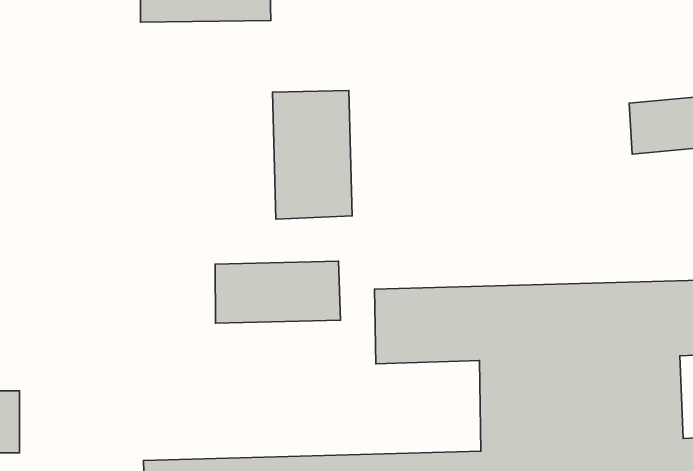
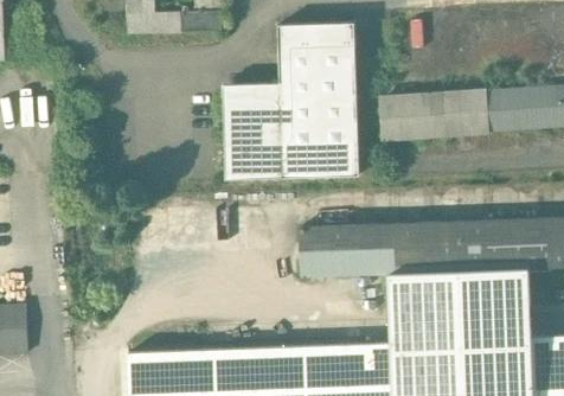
building: none -> [278,19,360,173]
building: none -> [384,89,492,135]
building: [215,261,340,323] -> none

